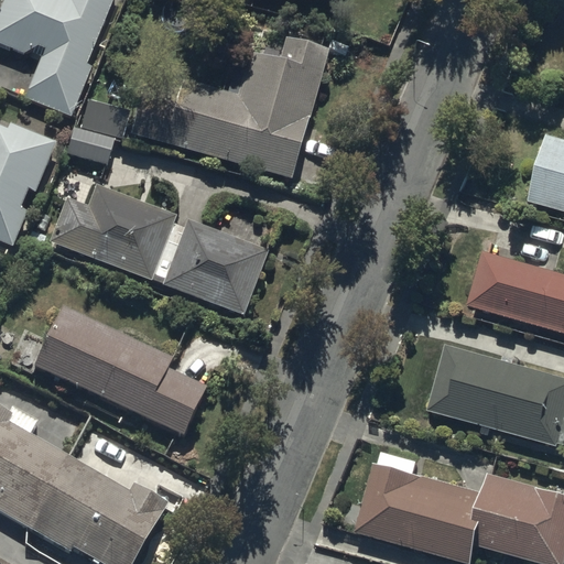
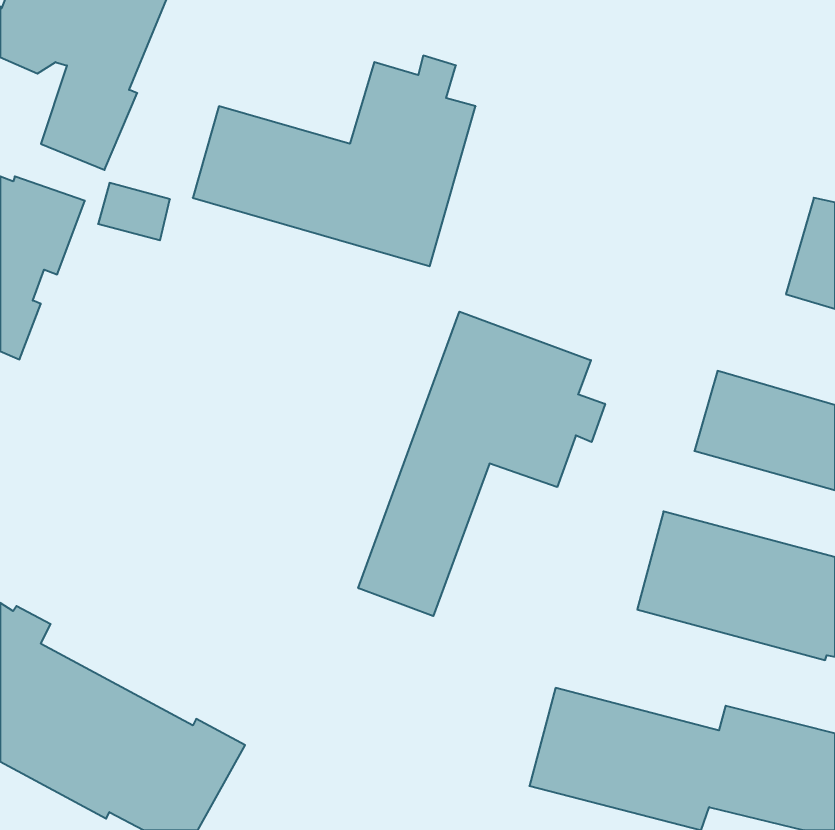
building: [47,186,267,316] -> none
building: none -> [358,312,605,616]
building: [8,305,205,435] -> none

